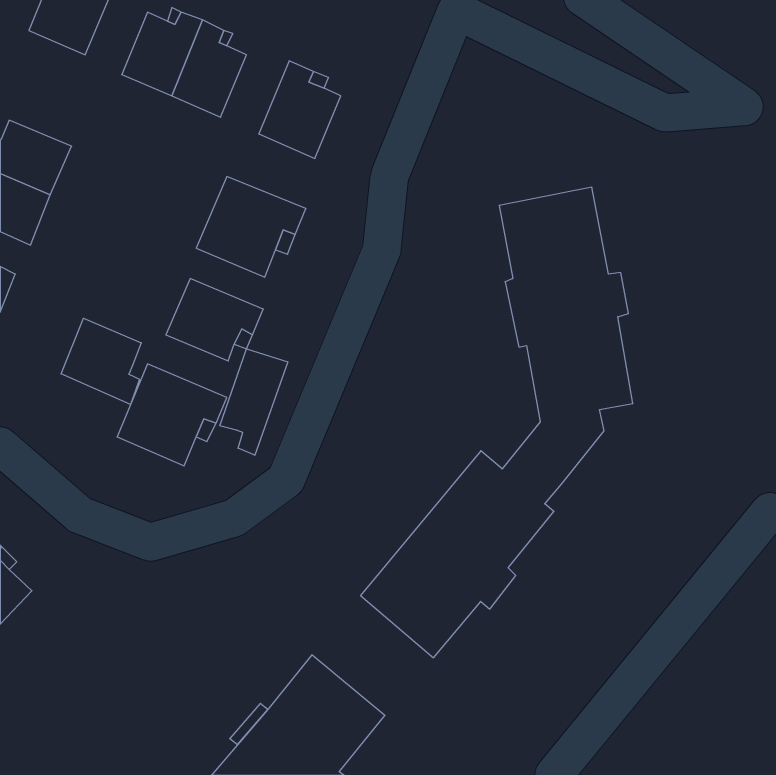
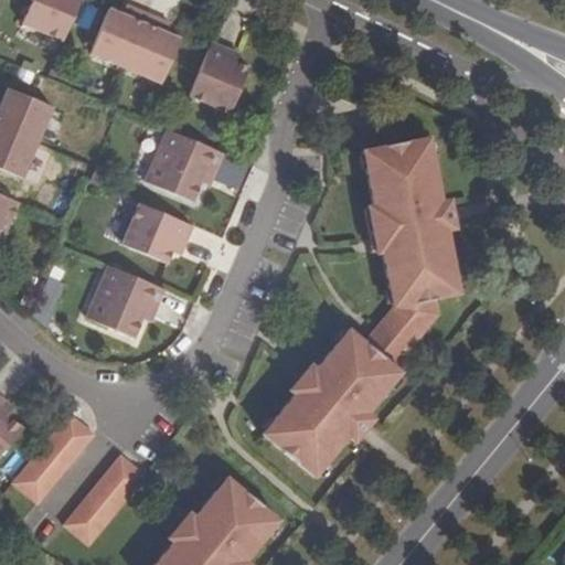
building: [61,318,141,405] -> none
building: [220,349,288,455] -> none
building: none -> [13,413,96,502]
building: none -> [65,455,147,544]

